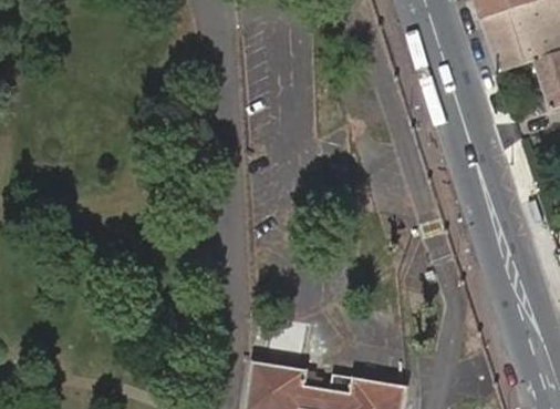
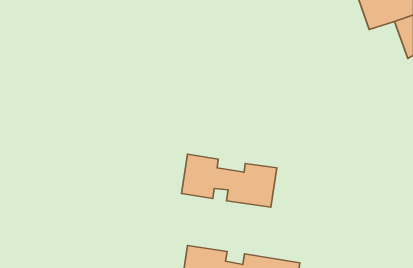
building: none -> [181,154,277,207]

